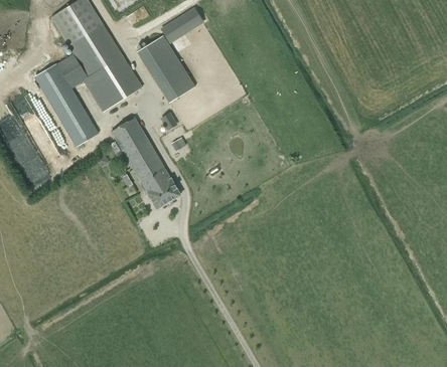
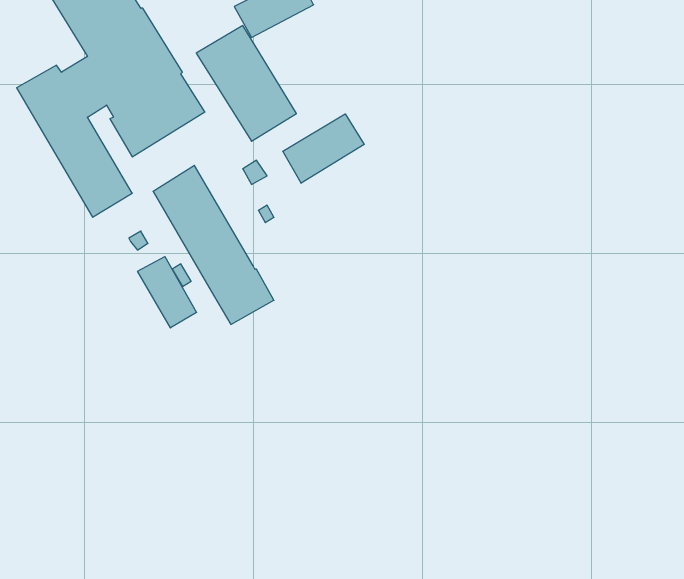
building: none -> [283,114,364,183]
building: none -> [138,257,197,328]

